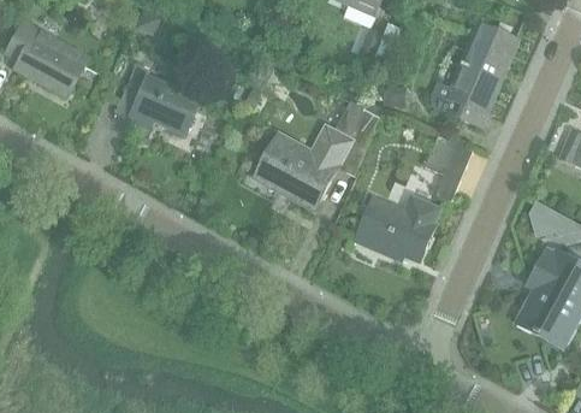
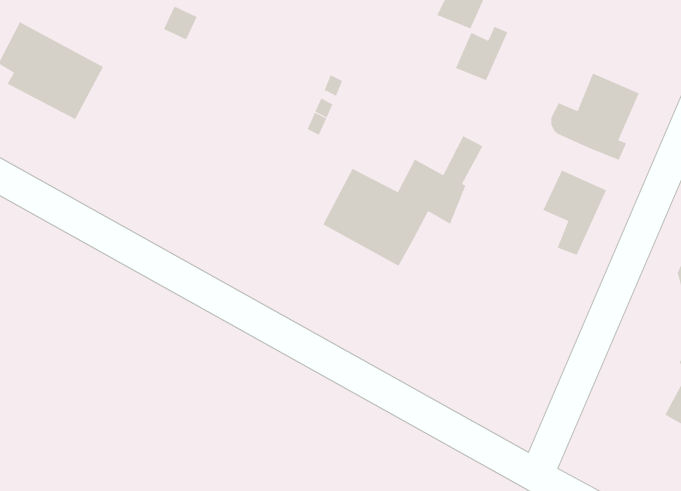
building: [463,22,518,75] -> none
building: [112,61,198,132] -> none
building: [355,195,440,260] -> none

